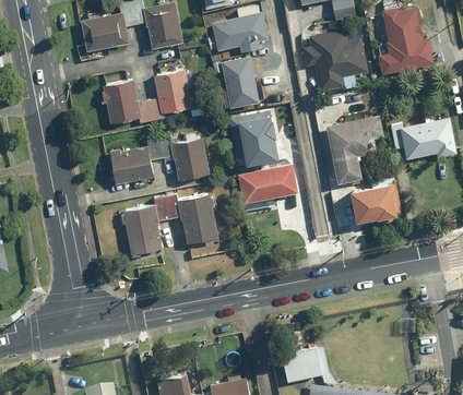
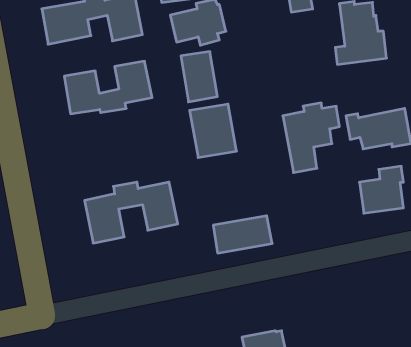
building: [301,29,369,92] -> none
building: [108,133,210,185] -> none
building: [238,165,298,203] -> [213,216,272,253]
building: [351,173,395,222] -> [359,166,403,213]

